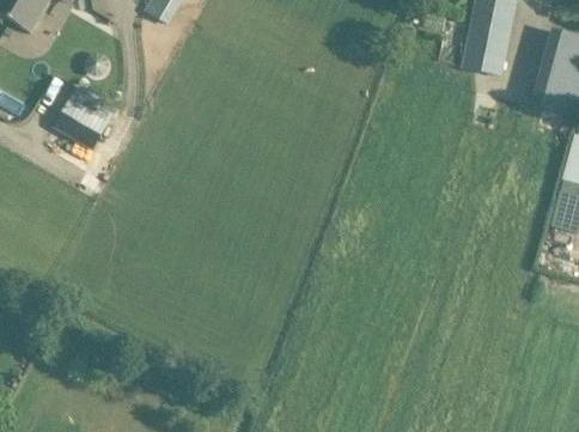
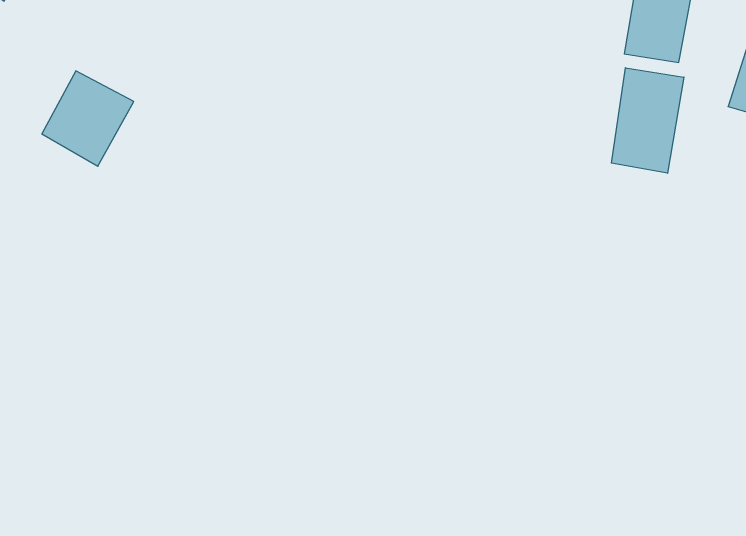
building: none -> [611,68,684,173]

